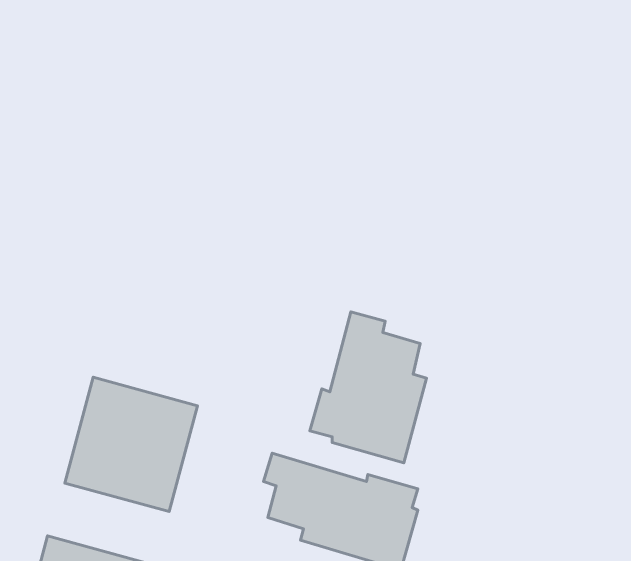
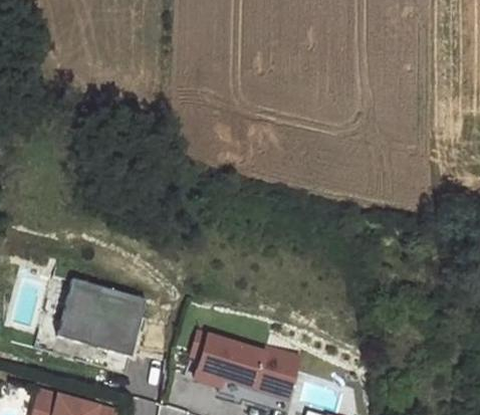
building: [310,312,426,463] -> none

